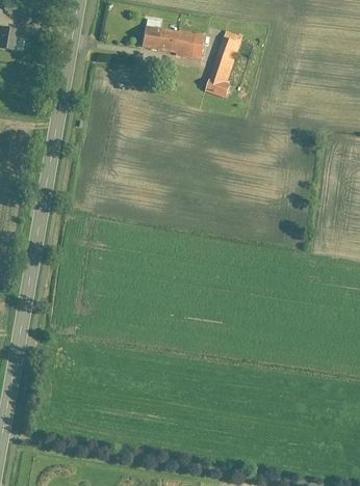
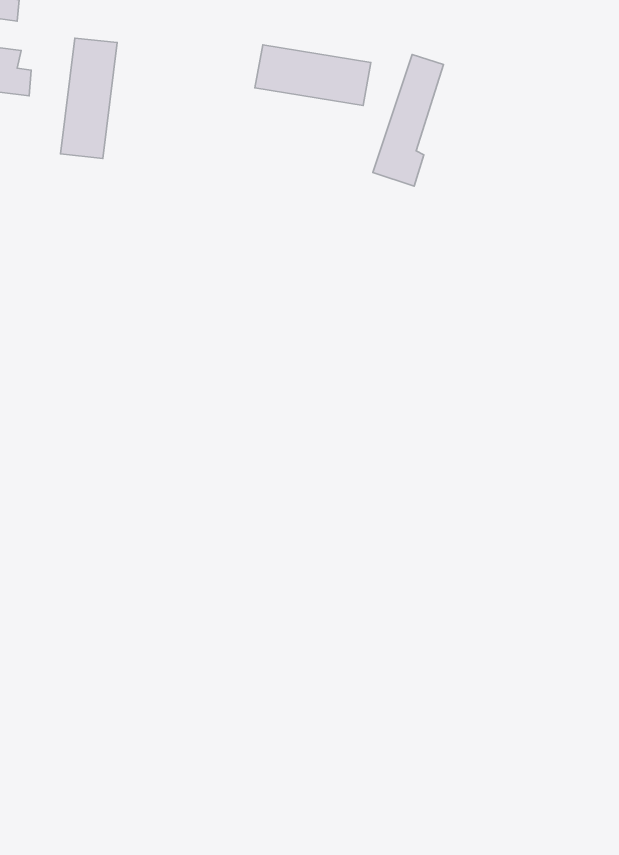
building: none -> [60,38,117,158]

